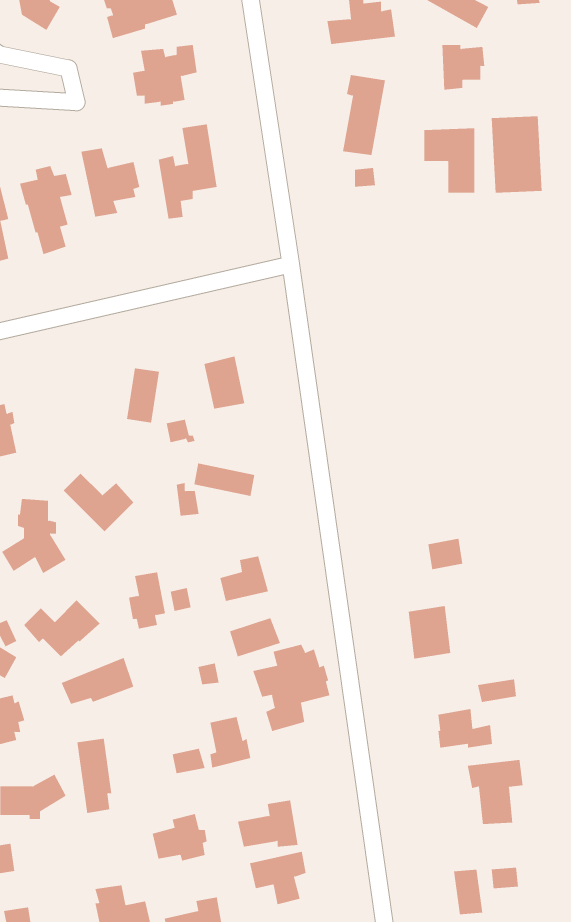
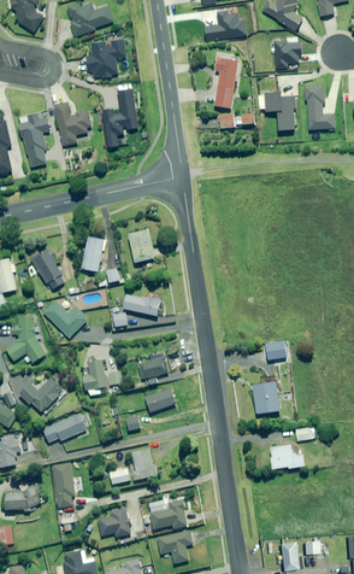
building: none -> [31,250,64,289]
building: [252,644,330,732] -> none
building: [467,759,523,825] -> none

